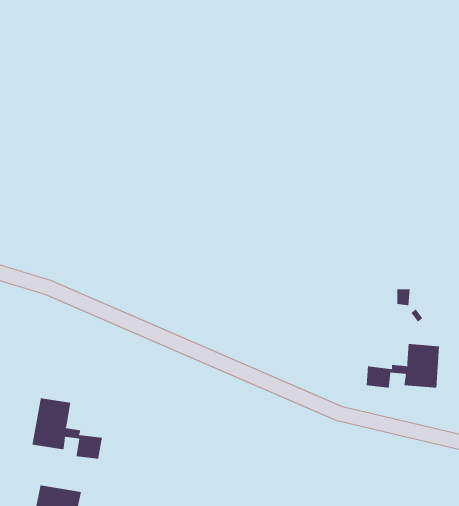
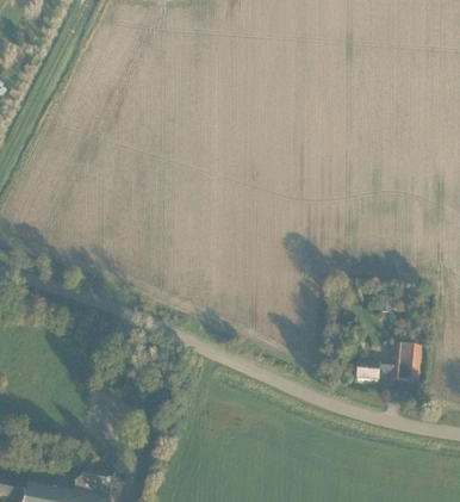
building: [32,397,103,459] -> none

